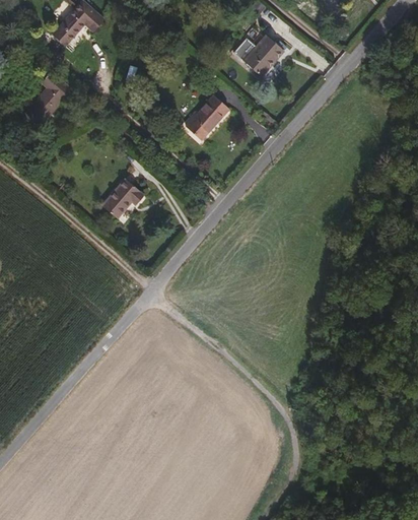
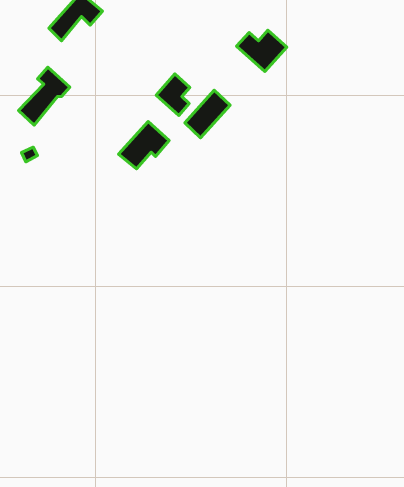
building: none -> [156,74,190,116]
building: [98,173,147,218] -> [119,122,169,169]

